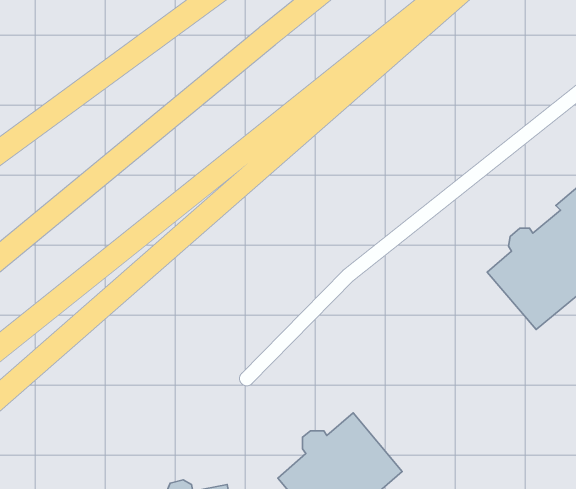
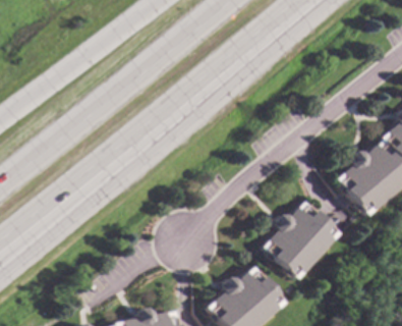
building: none -> [264,202,340,279]

